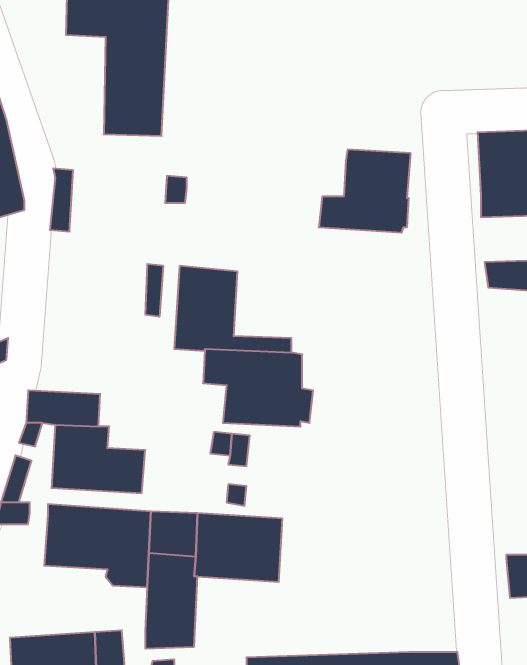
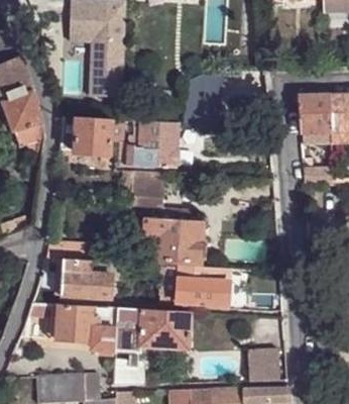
building: [319,150,411,233] -> [127,122,179,169]
building: none -> [75,119,113,156]
building: none -> [178,267,229,305]
building: none -> [247,348,279,382]

